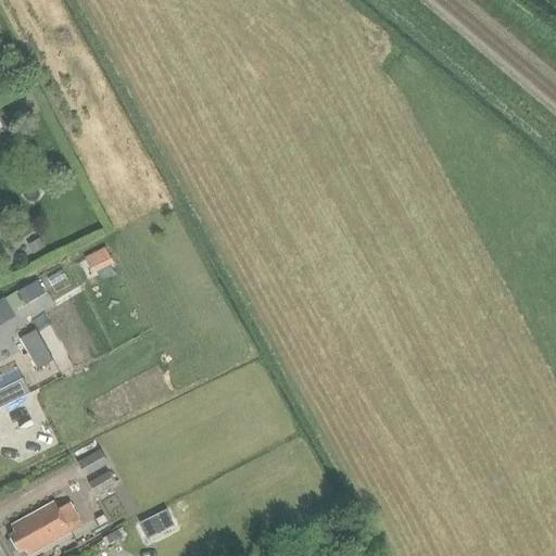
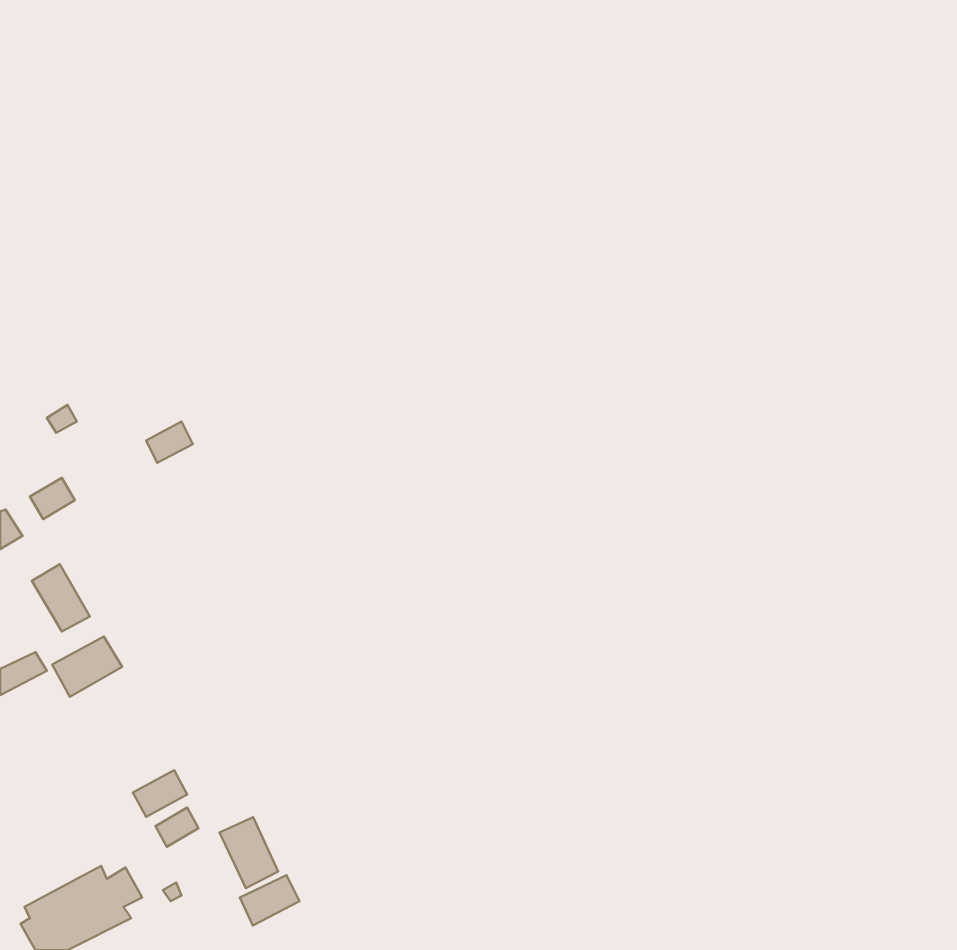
building: none -> [52,636,122,697]
building: none -> [219,817,278,888]

